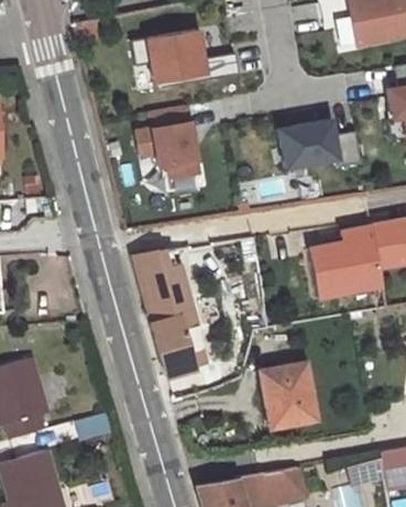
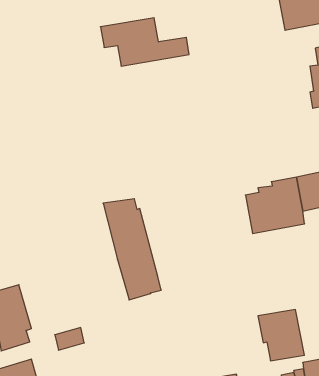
building: [138,106,199,178] -> none
building: [278,120,362,168] -> none
building: [261,363,318,426] -> [258,310,304,361]

